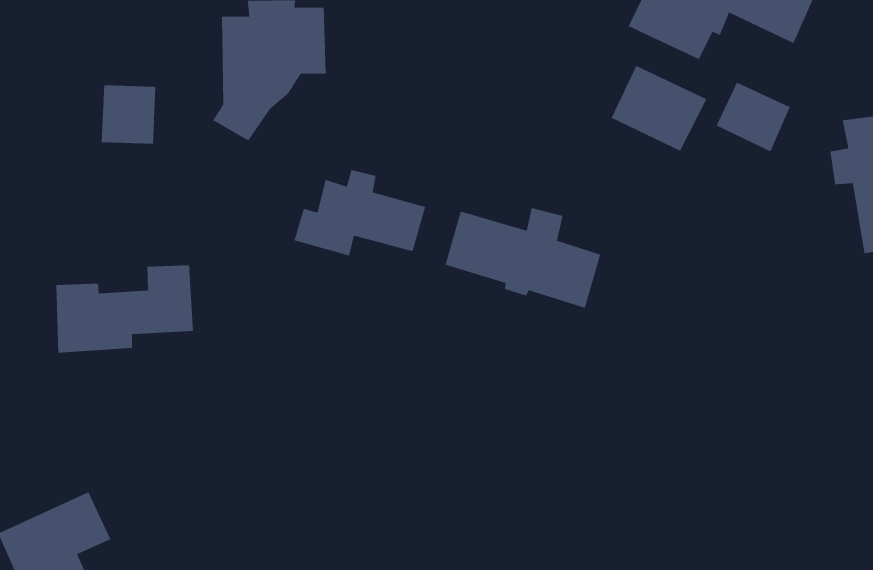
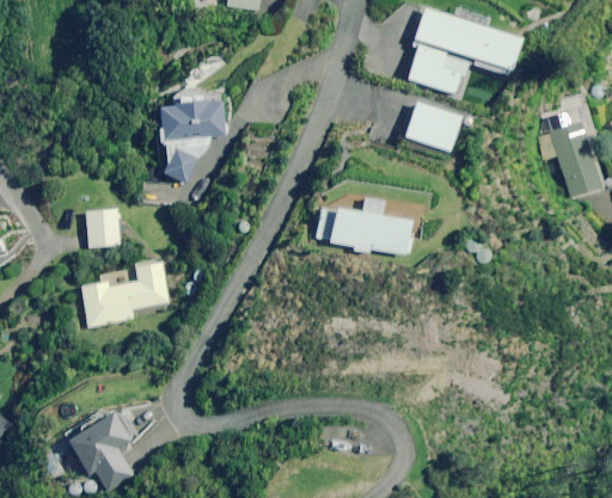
building: [715,81,791,152] -> none
building: [101,85,156,145] -> [86,209,122,248]
building: [294,169,426,257] -> none

